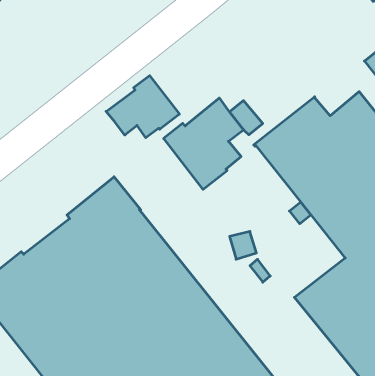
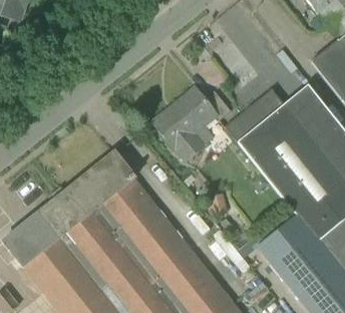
building: [106,76,179,138] -> none

